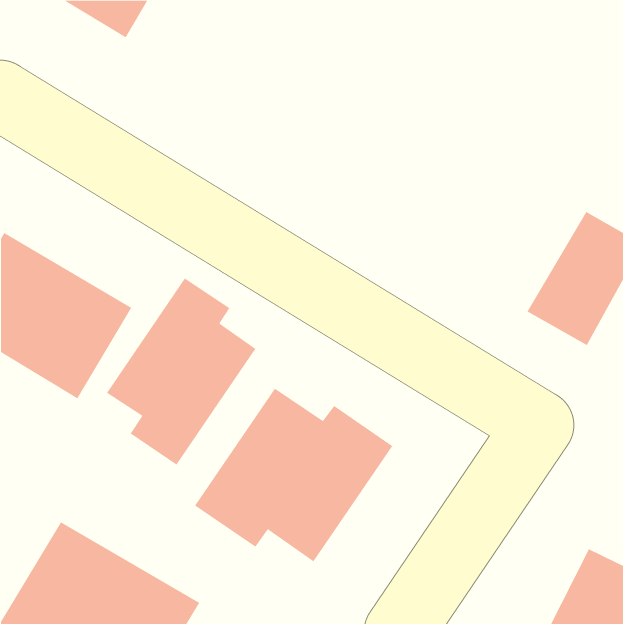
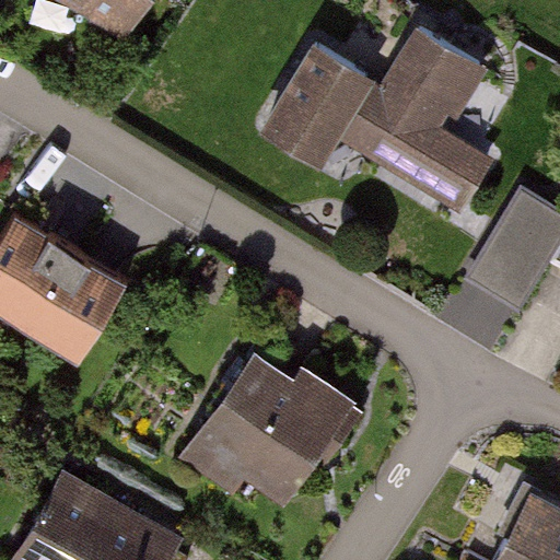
building: none -> [252,35,504,217]
building: [106,277,256,466] -> none

